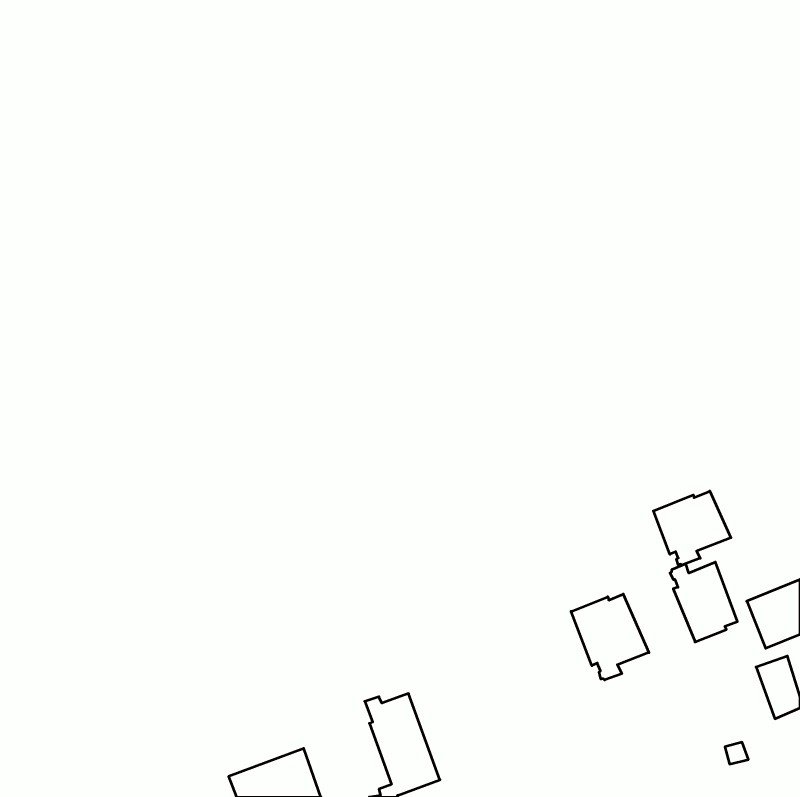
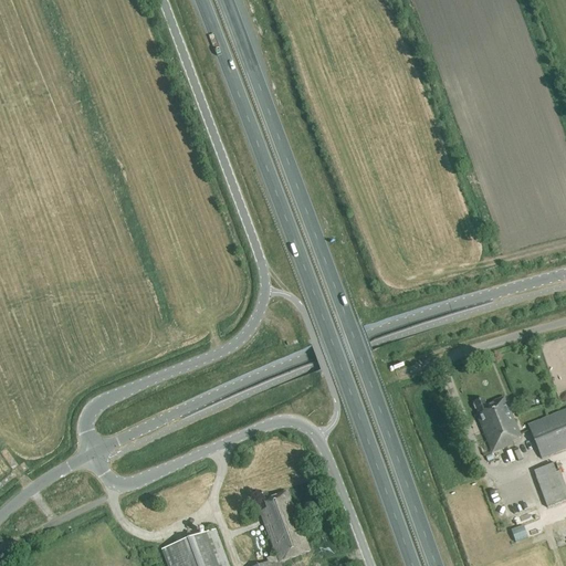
building: [653,491,731,565] -> none
building: [571,594,649,680] -> none

